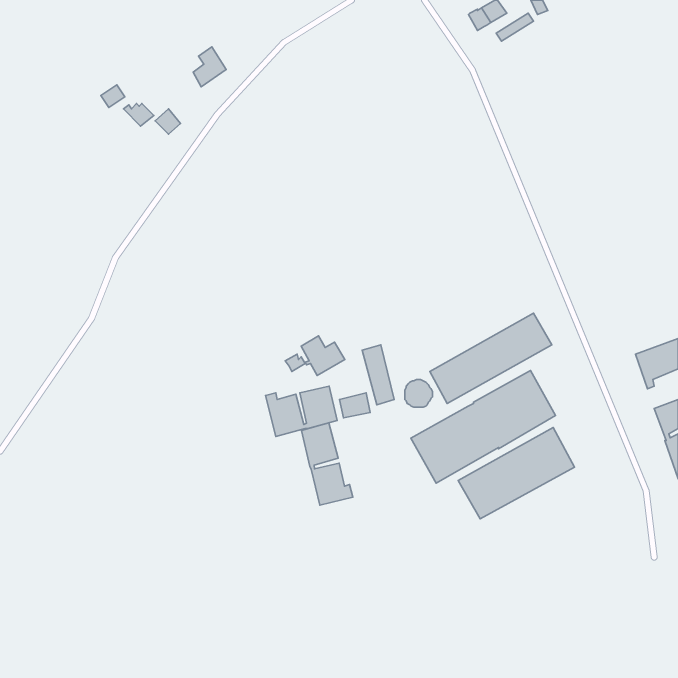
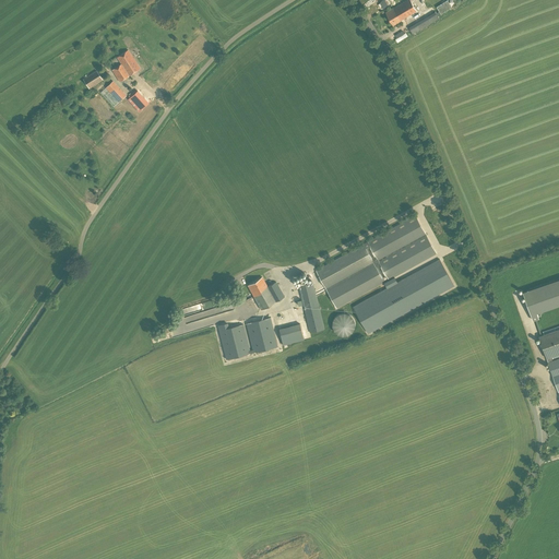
building: [193,47,226,87] -> [112,49,140,82]
building: [411,370,556,483] -> [317,214,436,307]
building: [302,423,353,505] -> none
building: [458,427,575,519] -> none

